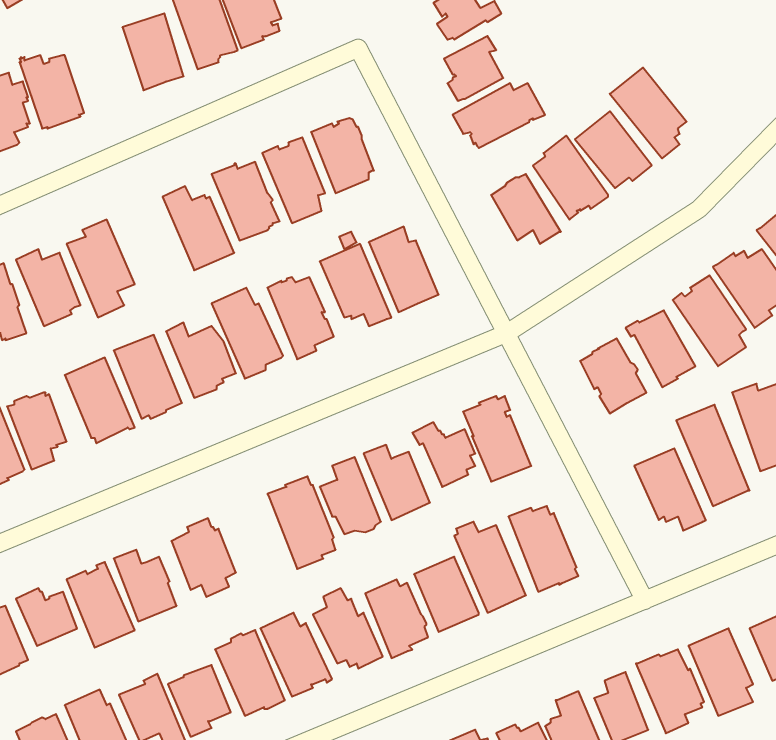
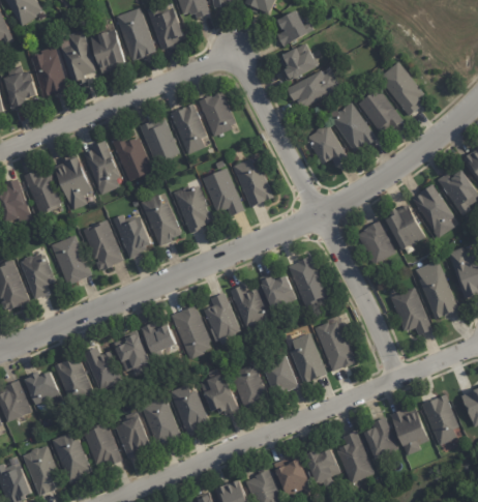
building: none -> [59,31,93,84]
building: none -> [83,141,122,195]
building: none -> [144,322,181,355]

